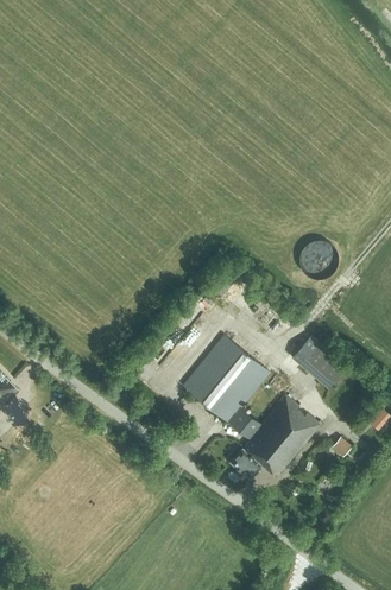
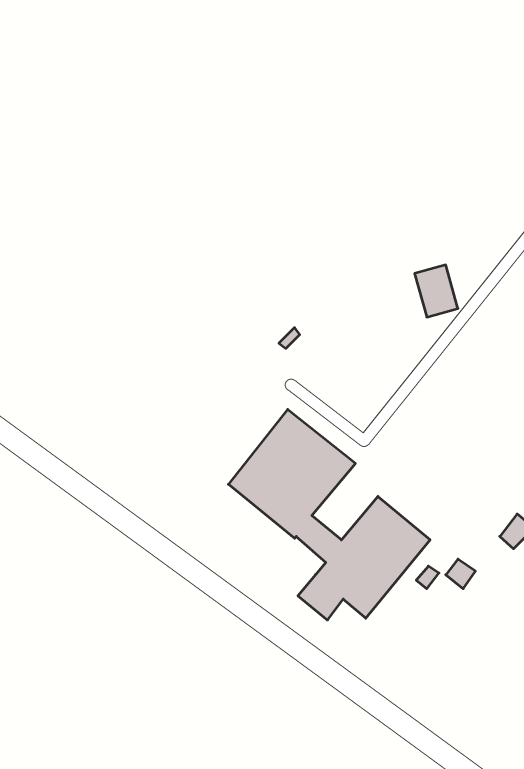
building: [302,345,347,389] -> none

